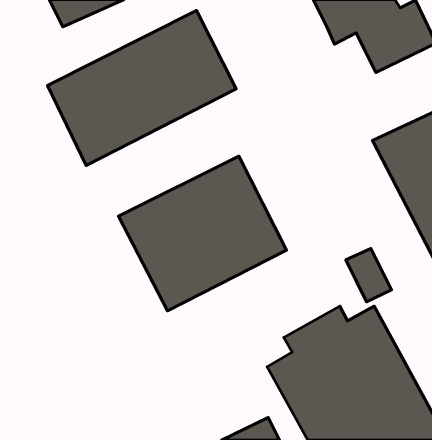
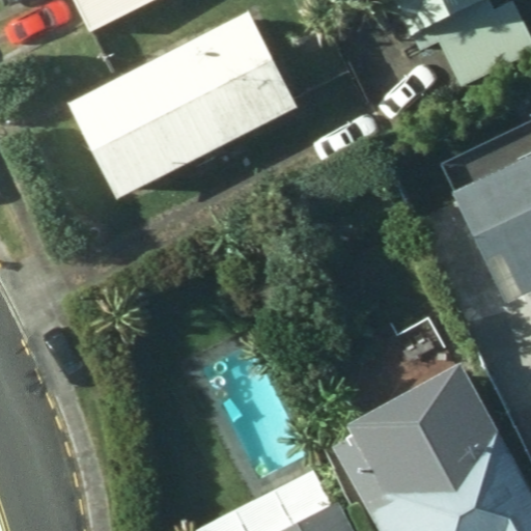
building: [118,156,286,311] -> none

